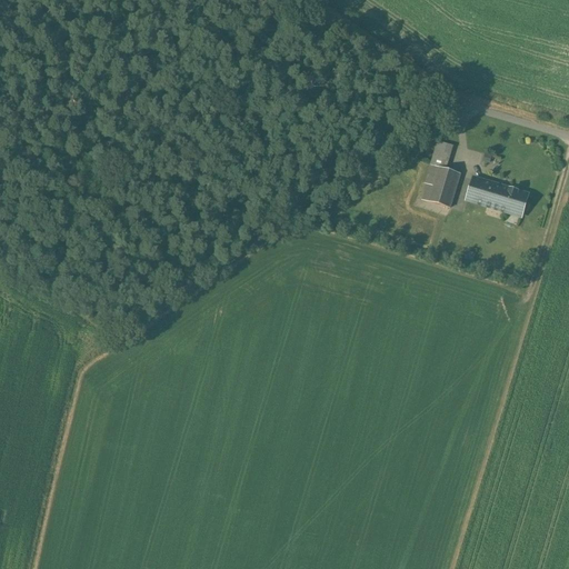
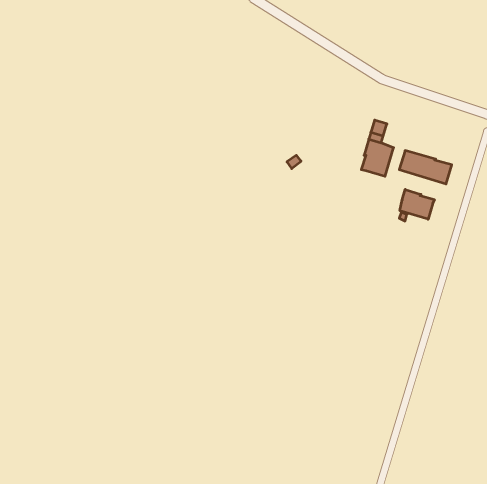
building: none -> [400,189,434,219]

